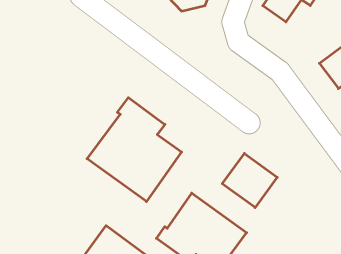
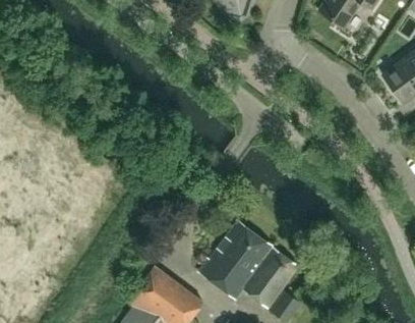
building: [87,98,182,202] -> none
building: [222,153,277,208] -> none

